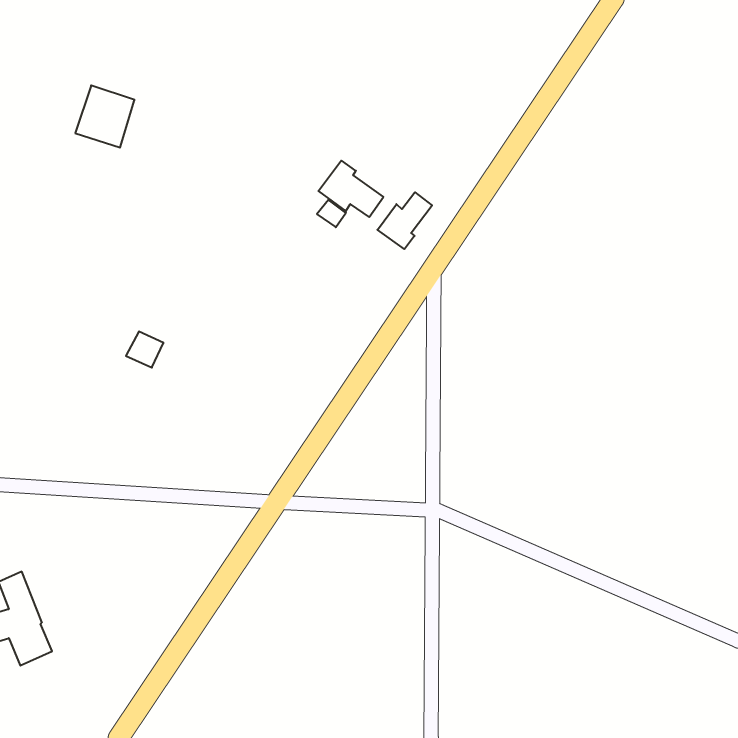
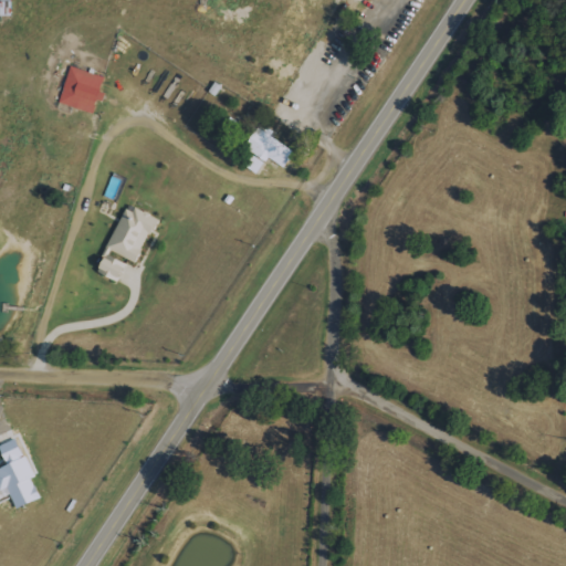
building: [377,192,432,249] -> none
building: none -> [105,206,157,262]

